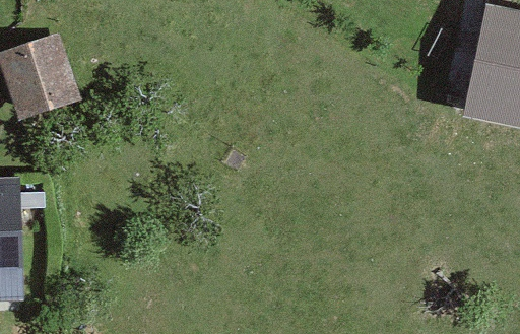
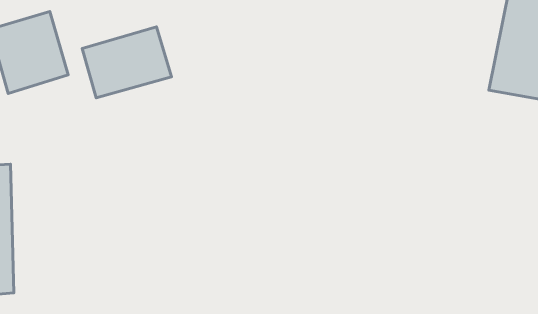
building: none -> [82,27,171,98]

